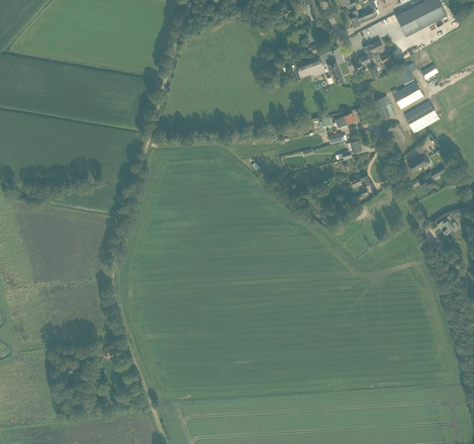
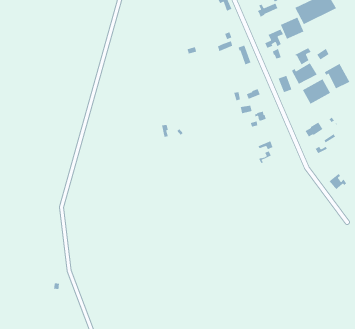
building: none -> [280,17,304,40]
building: none -> [324,63,351,89]

